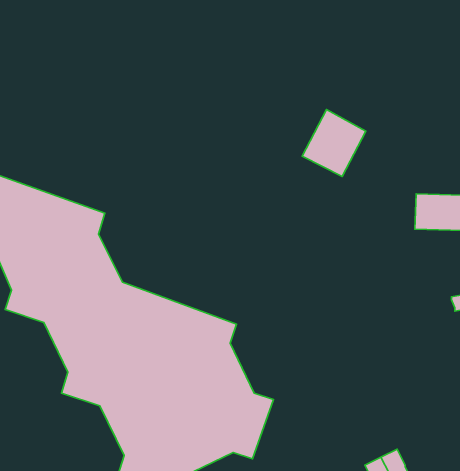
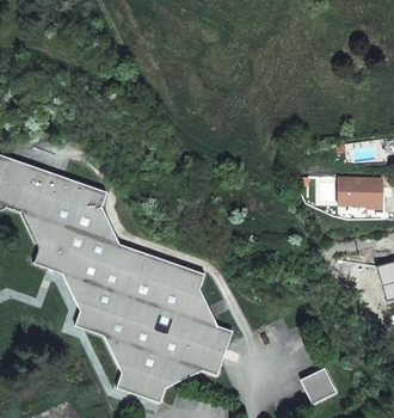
building: [302,110,366,176] -> none

